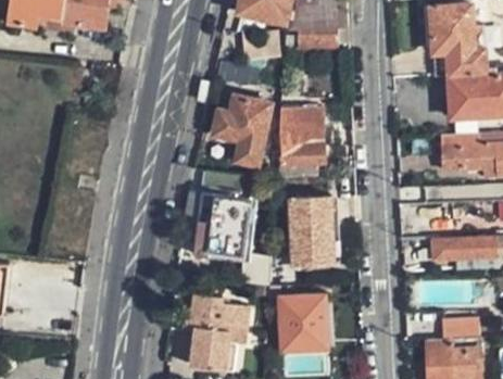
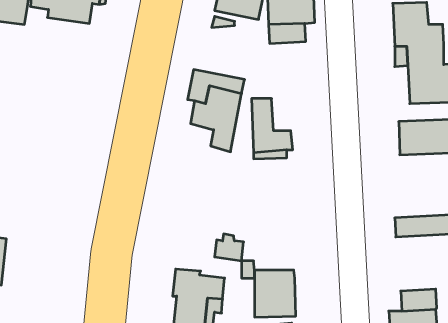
building: [193,173,251,255] -> none
building: [289,195,337,265] -> none

